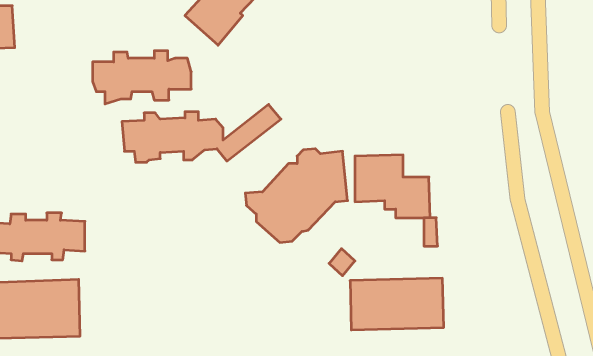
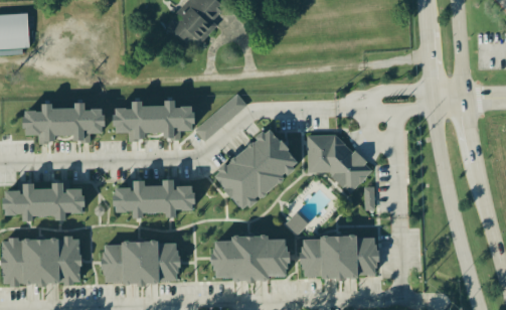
building: [93,51,191,104] -> [25,102,106,145]
building: none -> [116,179,195,217]
building: none -> [214,235,291,280]
building: none -> [102,241,178,283]

